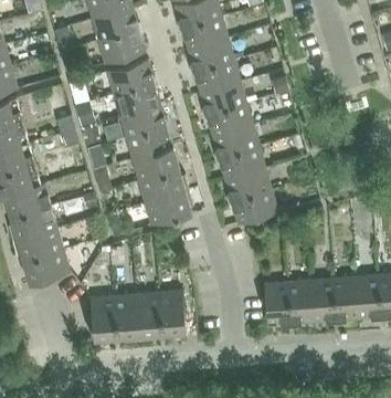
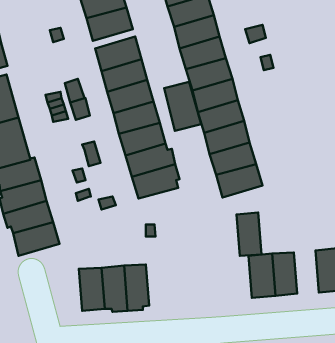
building: none -> [164,82,201,131]
building: [309,277,335,322] -> [237,213,261,256]
building: [158,290,184,334] -> none

